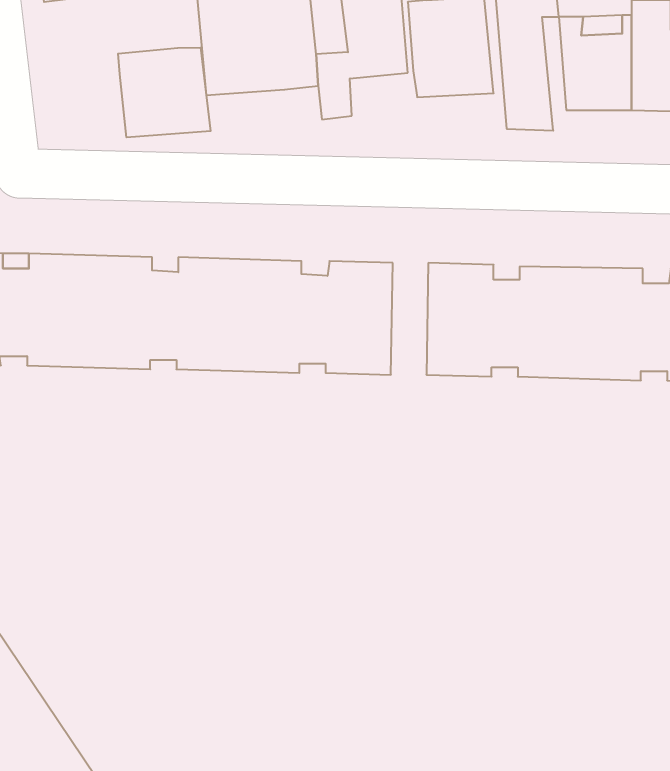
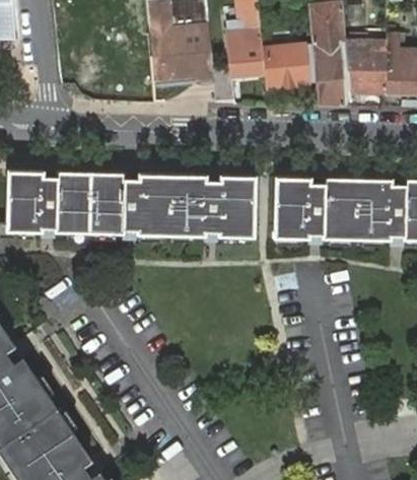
building: [118,48,211,137] -> none

